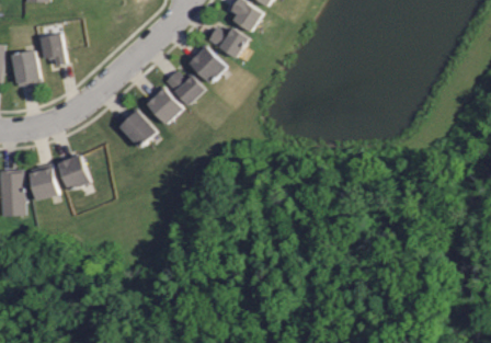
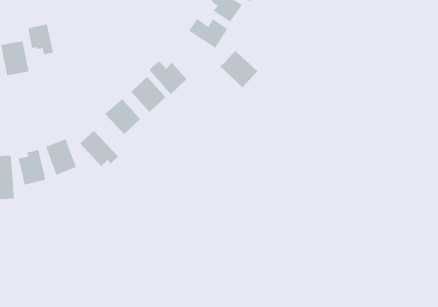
building: [185,44,226,83] -> [219,50,258,88]
building: none -> [80,130,119,167]

